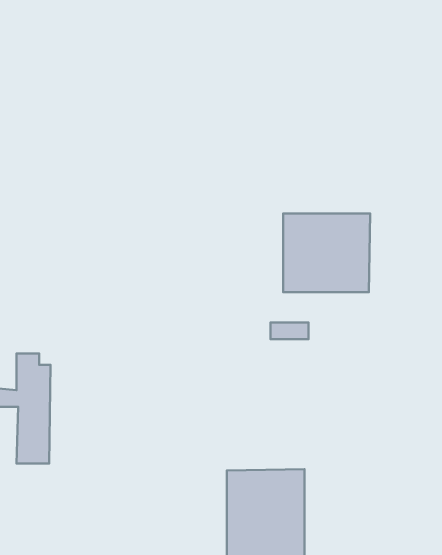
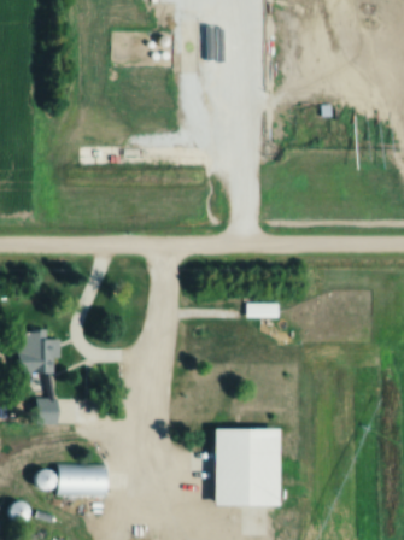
building: [283,214,370,292] -> none
building: none -> [36,465,111,494]

